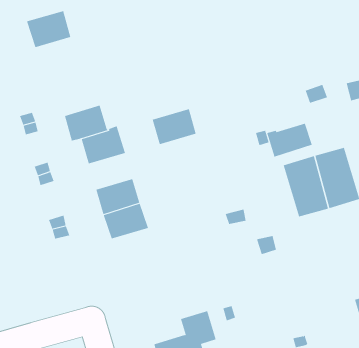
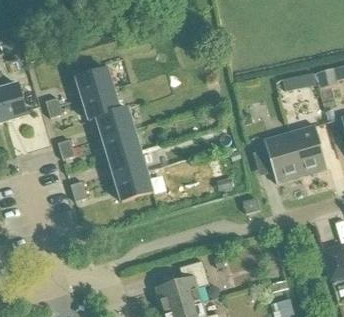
building: [26,10,71,48] -> [76,68,113,99]
building: [152,109,197,145] -> [103,130,140,160]
building: [267,123,312,157] -> none

